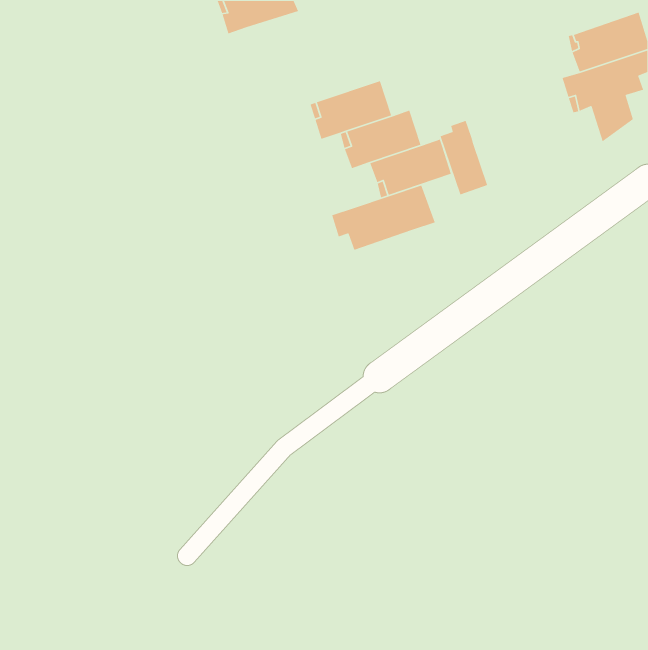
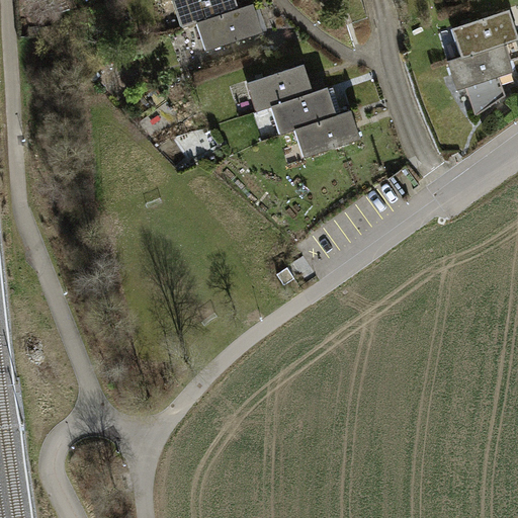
building: none -> [196,4,261,51]
building: [440,120,488,196] -> none
building: [331,185,436,251] -> none

